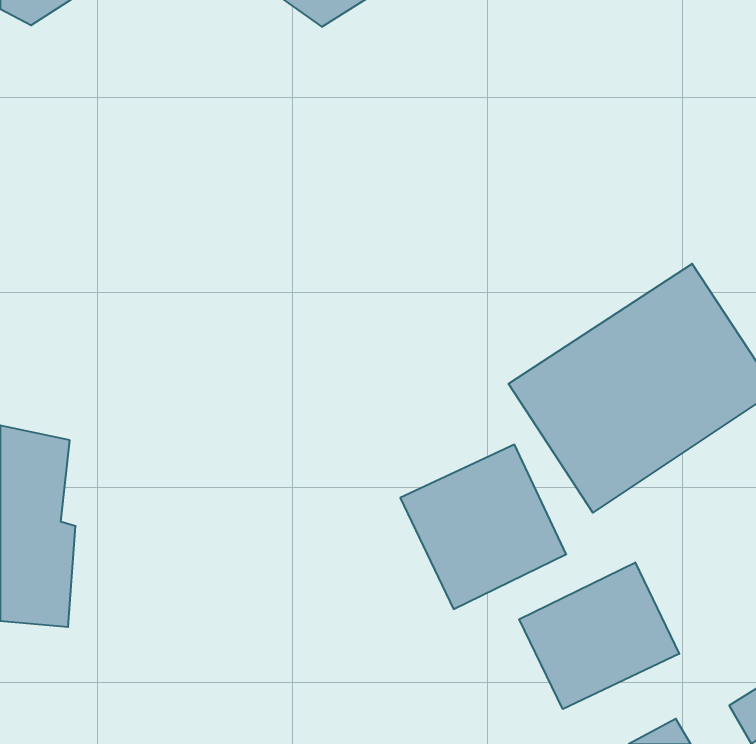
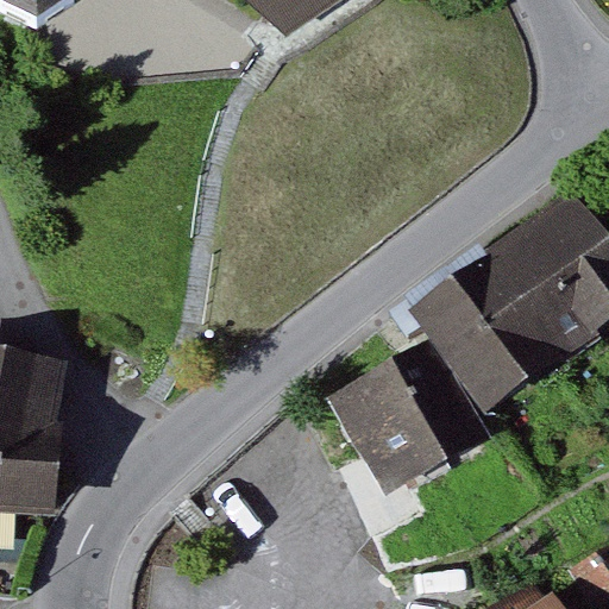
building: [519,562,679,709] -> none

